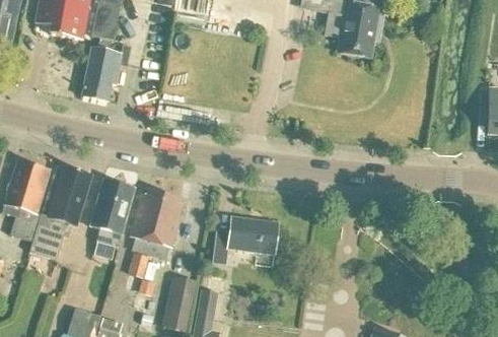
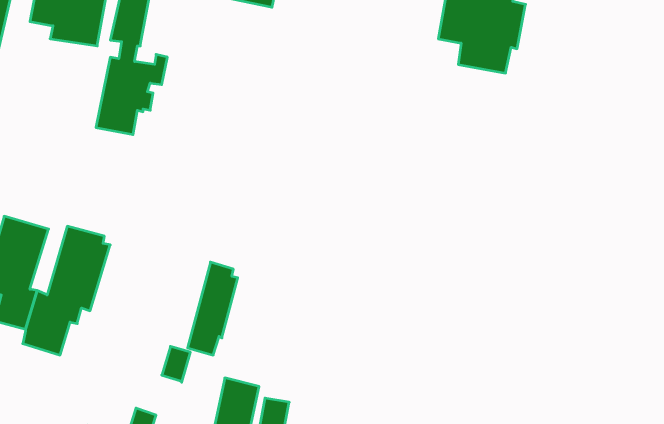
building: [91,179,133,244] -> none
building: [129,187,162,252] -> none
building: [211,215,277,263] -> none

